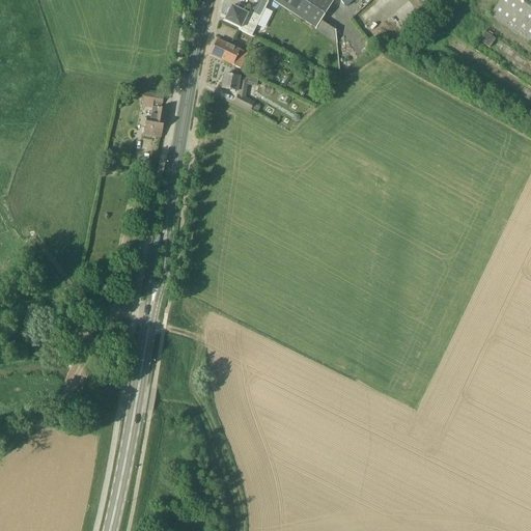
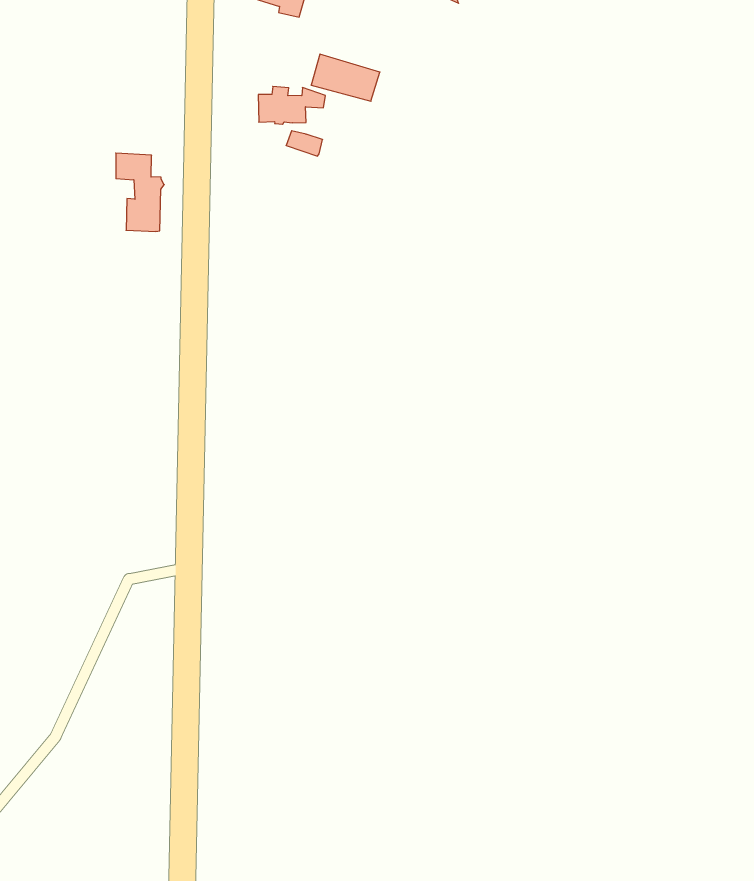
building: [209,36,247,65] -> [311,54,380,101]

